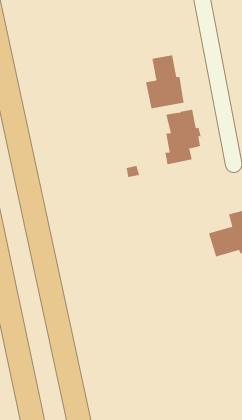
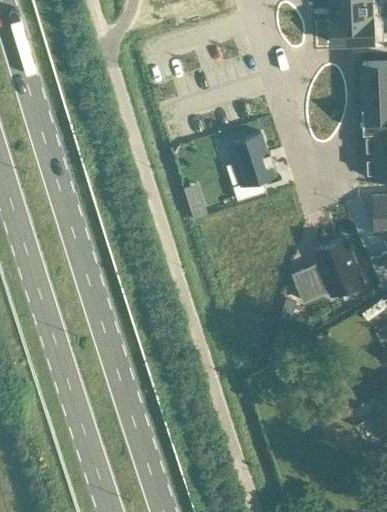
building: [145,55,184,109] -> none

